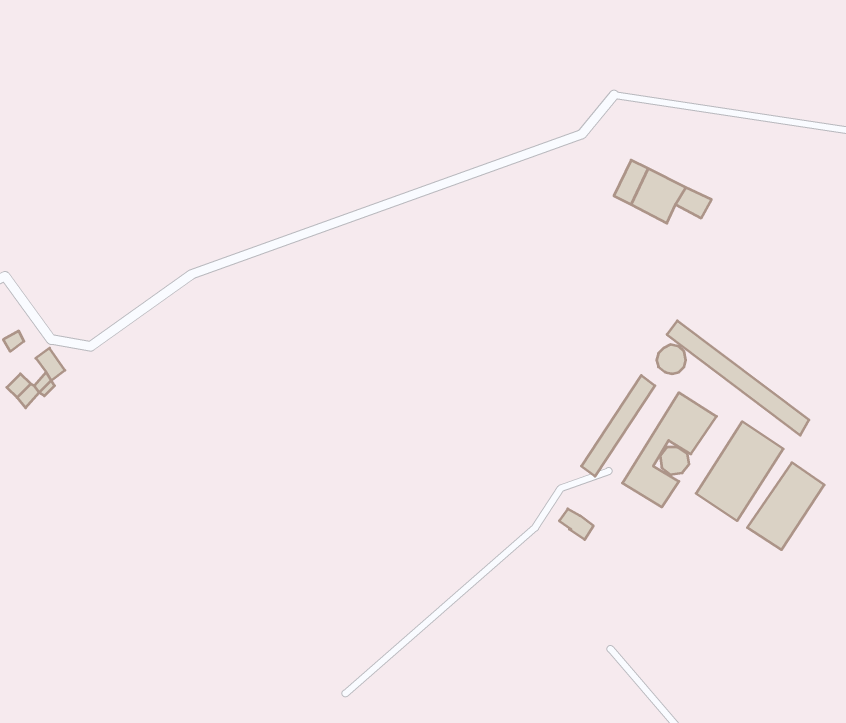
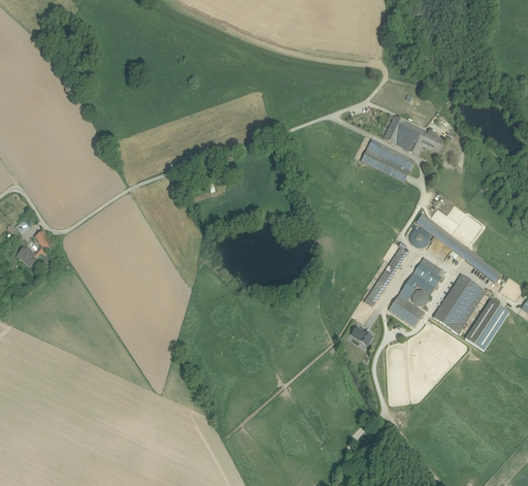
building: none -> [360,138,415,181]

